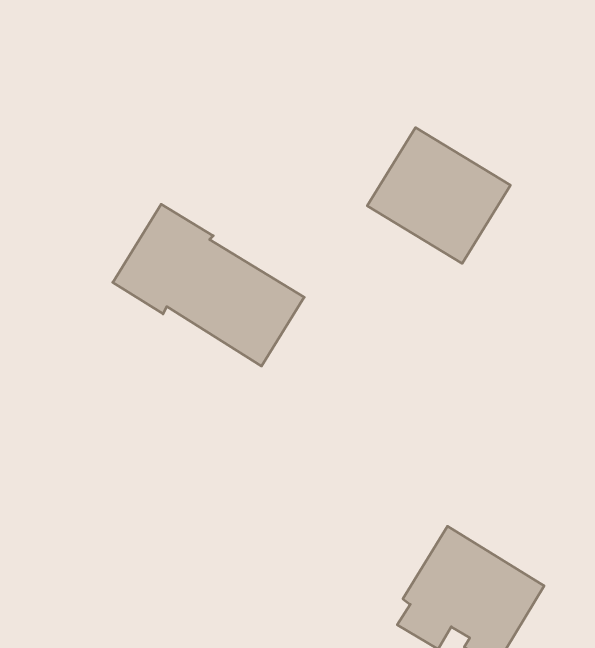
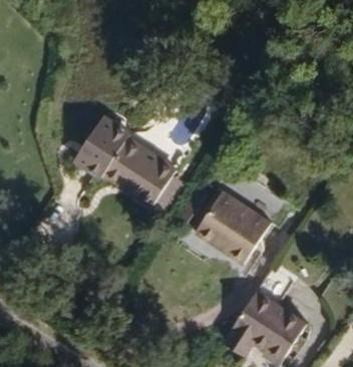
building: [367,128,510,263] -> [194,189,271,262]

